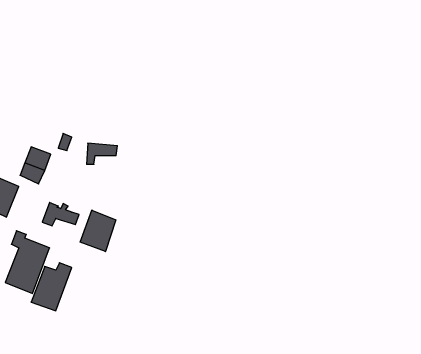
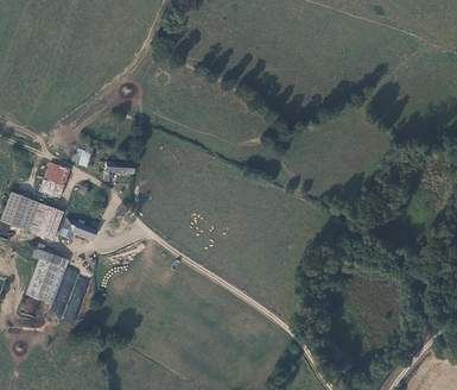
building: none -> [26,201,63,240]
building: [80,210,116,252] -> none

